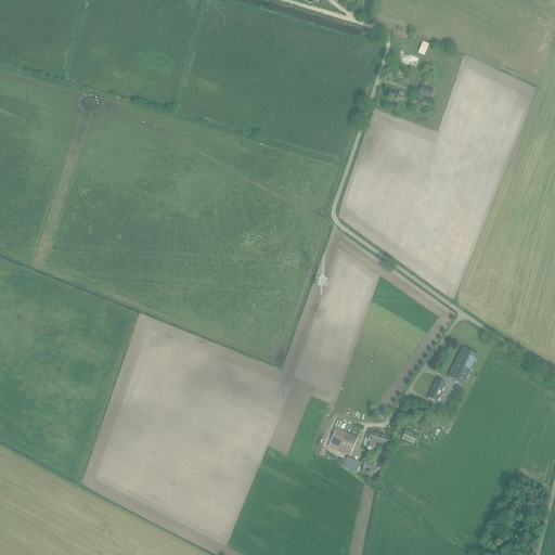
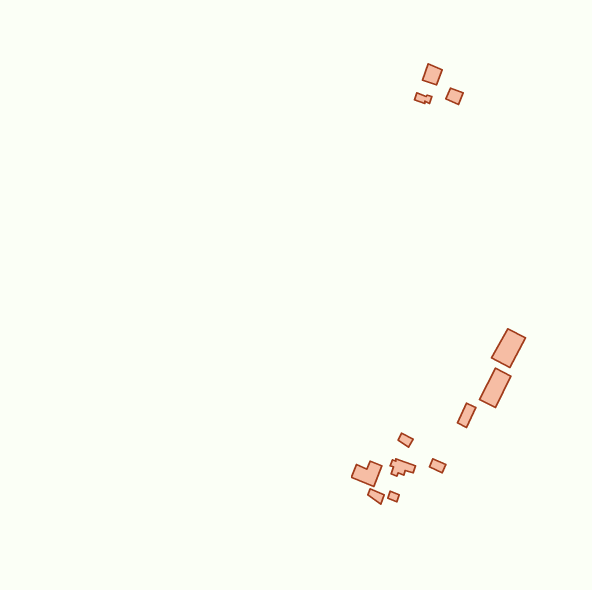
building: none -> [492,329,525,368]

